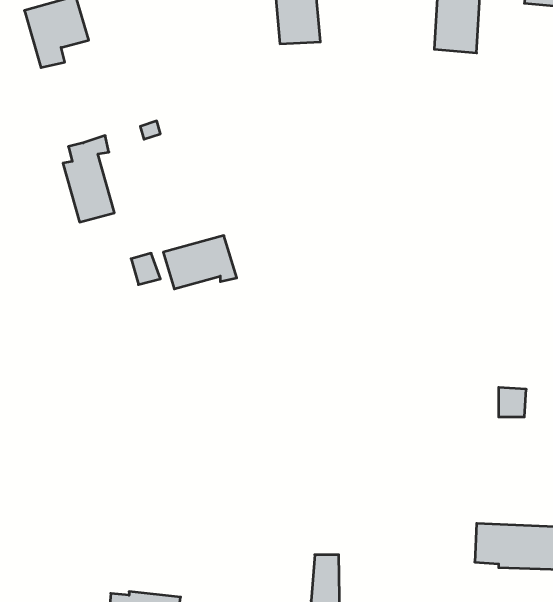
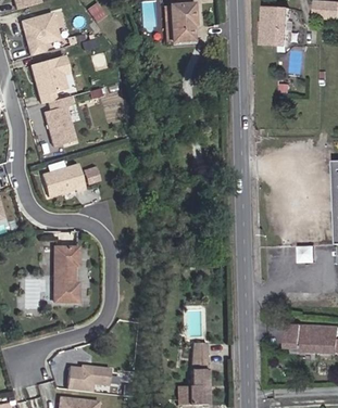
building: none -> [28,56,66,104]
building: [163,236,237,289] -> [39,164,83,195]
building: none -> [52,247,76,302]

